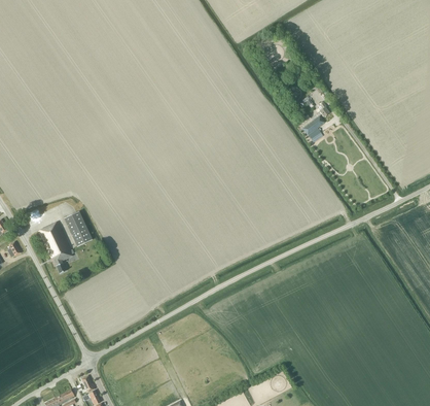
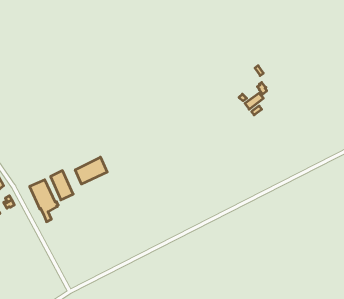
building: none -> [75,157,107,184]

